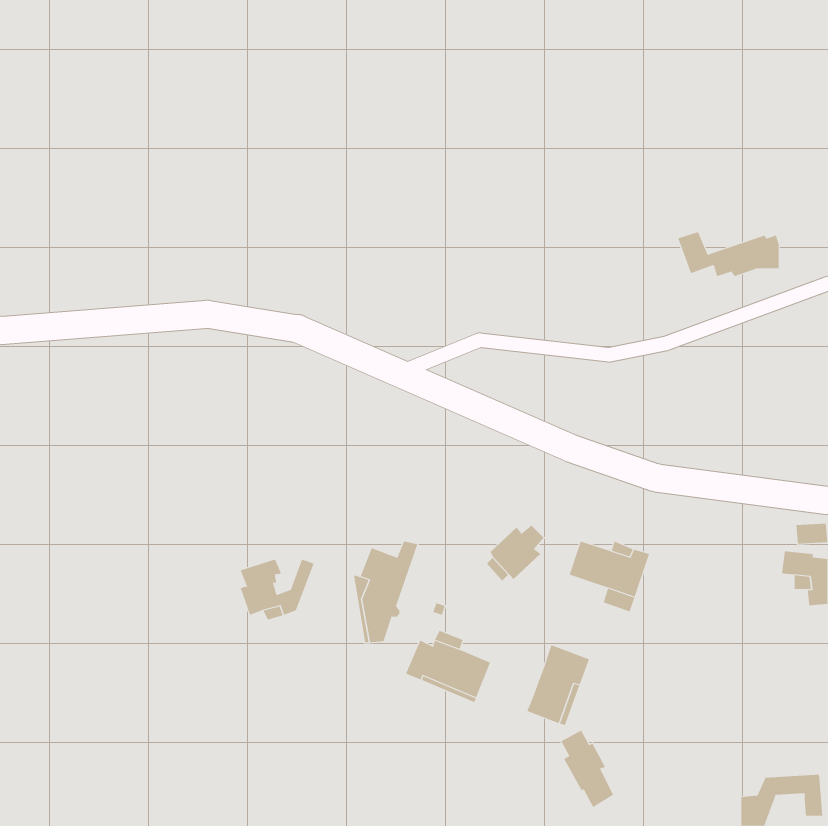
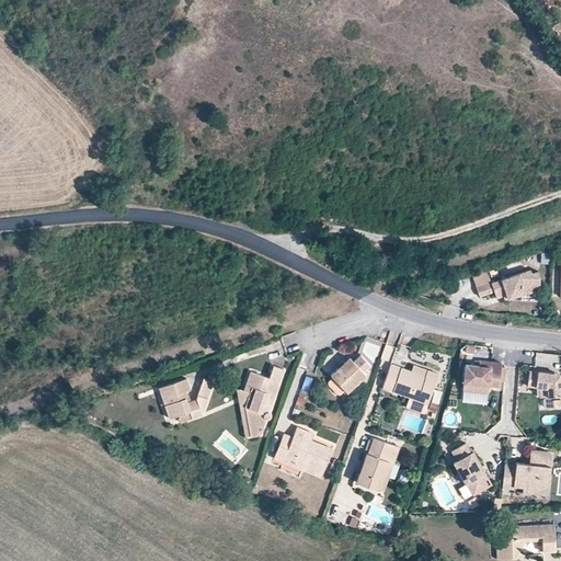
building: [678,232,780,277] -> [471,270,540,300]
building: none -> [463,362,503,393]
building: none -> [506,450,553,494]
building: [560,730,614,808] -> [450,440,486,493]

